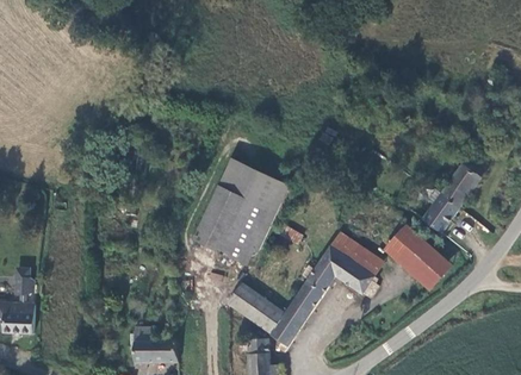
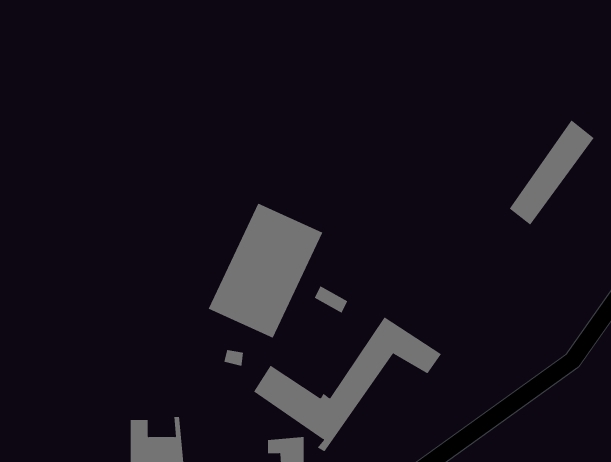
building: [423,151,489,232] -> [509,120,594,226]
building: [386,226,449,287] -> none
building: [329,233,382,276] -> none

